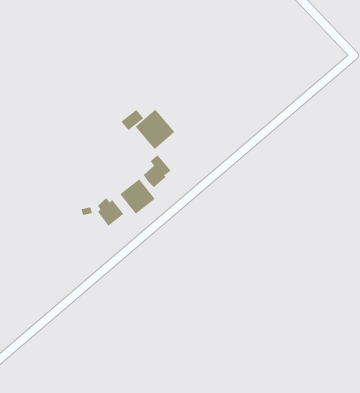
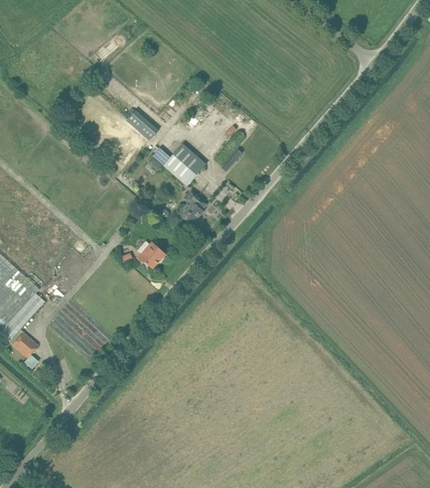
building: none -> [124,109,157,140]
building: [119,179,155,214] -> none

